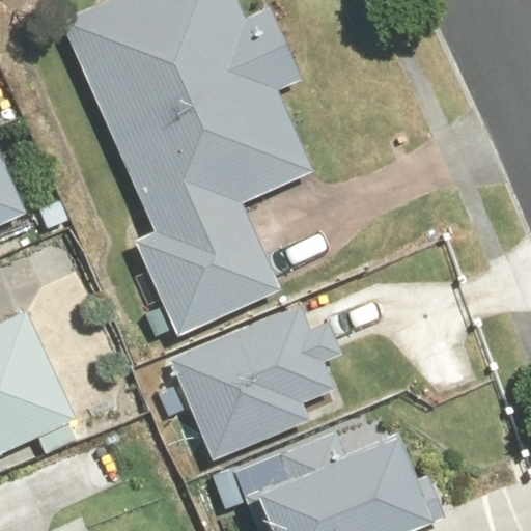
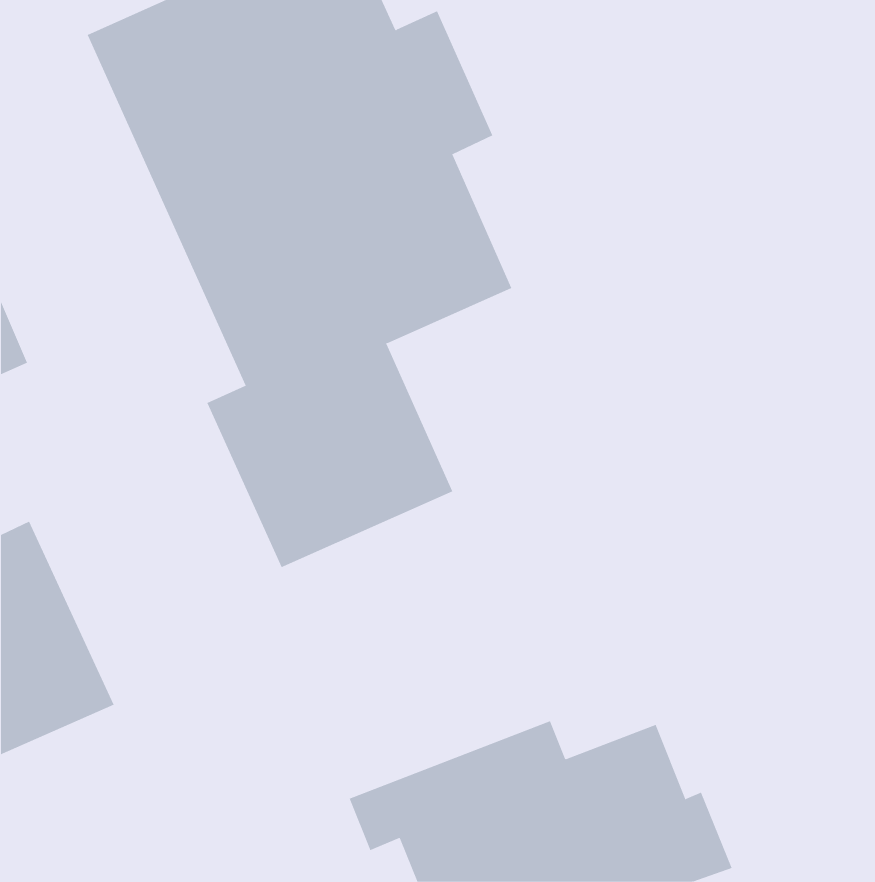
building: [171,305,340,459] -> none

